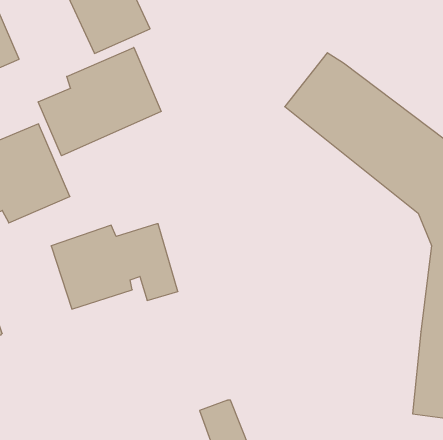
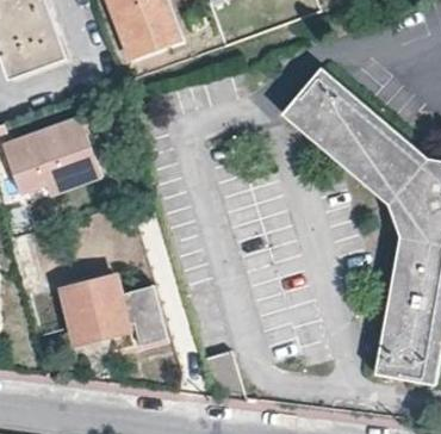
building: [38,47,161,156] -> none
building: [51,224,178,309] -> [58,275,162,343]

